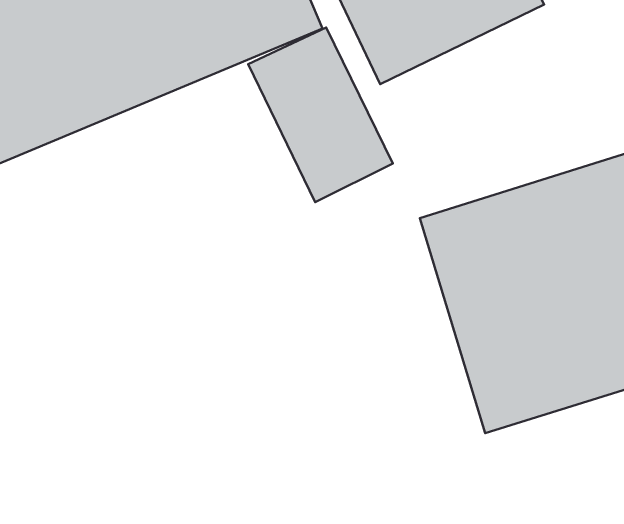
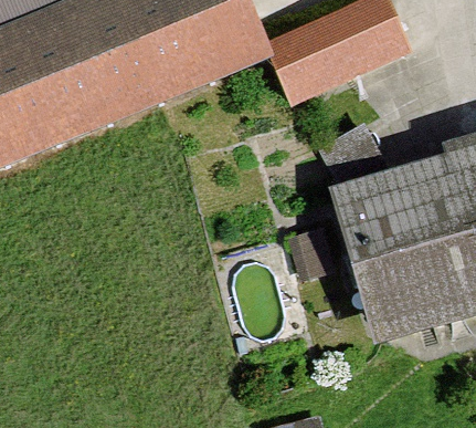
building: [248,28,393,202] -> none

